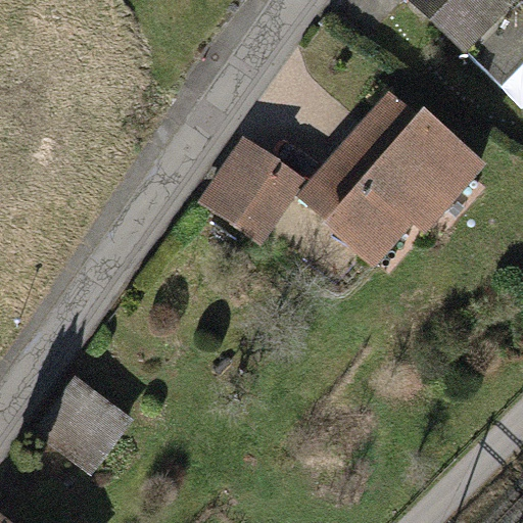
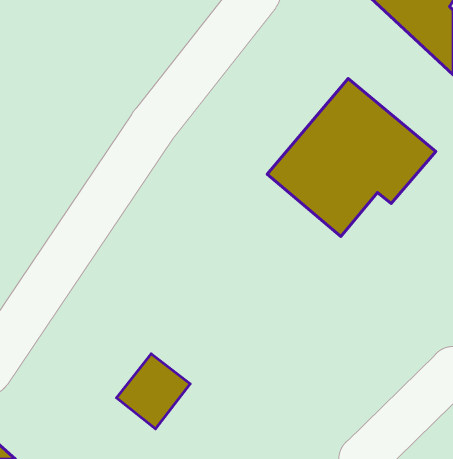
building: [202,137,304,235] -> none
building: [33,381,115,465] -> [116,354,190,429]

